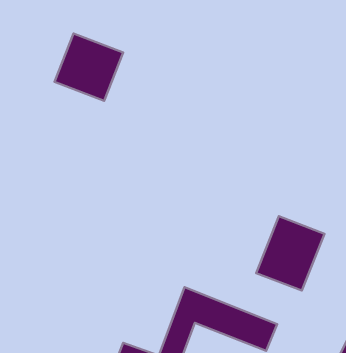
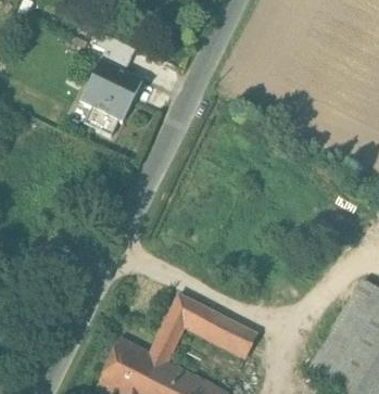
building: [256,216,324,291] -> none

